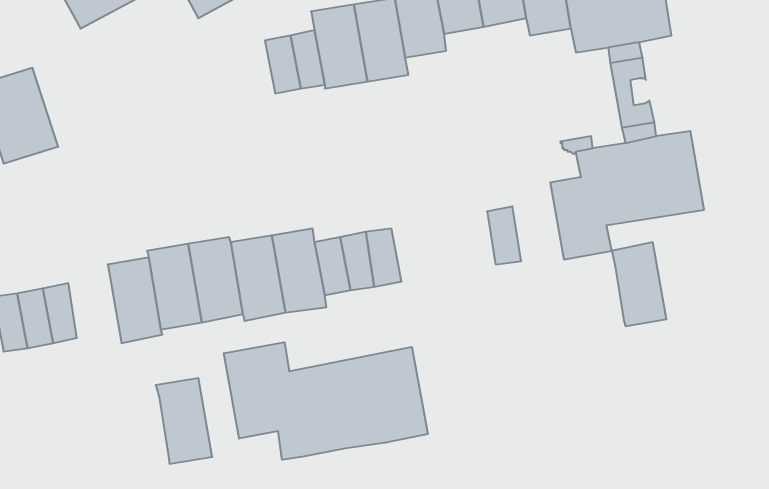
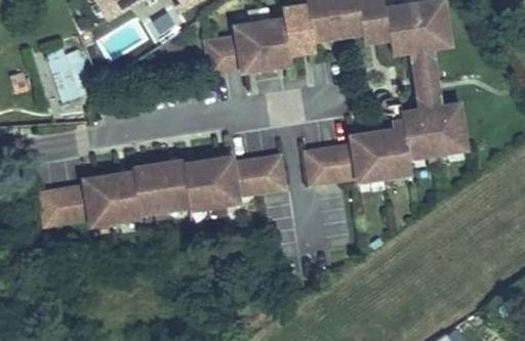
building: none -> [308,144,345,182]
building: [612,242,666,326] -> [353,127,386,177]
building: [224,342,428,460] -> none
building: [156,378,212,464] -> [86,176,120,227]

